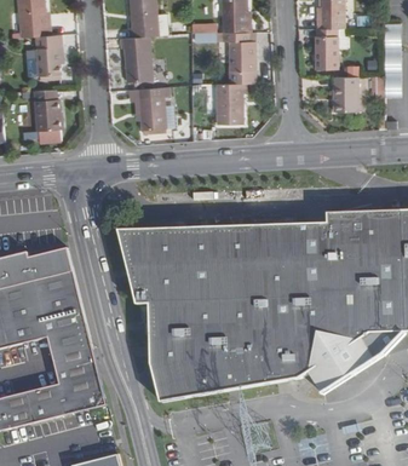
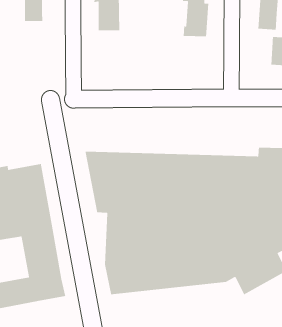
building: [216,85,246,126] -> none
building: [127,87,167,131] -> none
building: [30,90,58,133] -> none

